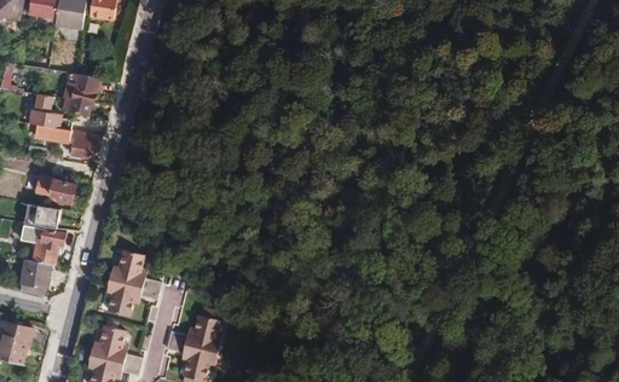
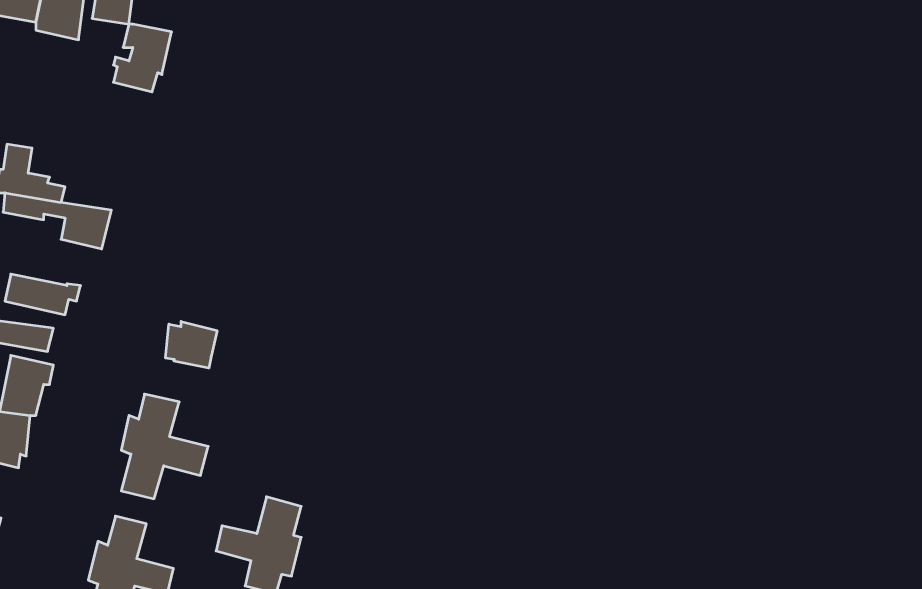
building: [63,73,99,115] -> [113,24,172,92]
building: none -> [166,321,217,368]

